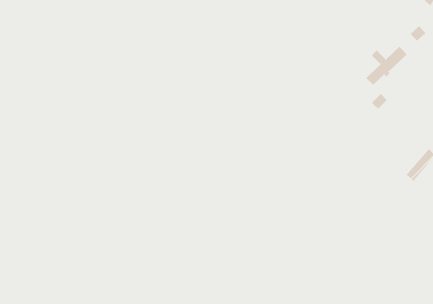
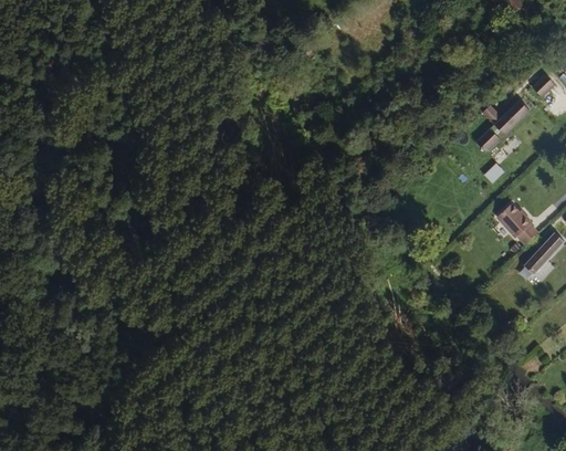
building: none -> [496,206,538,245]

